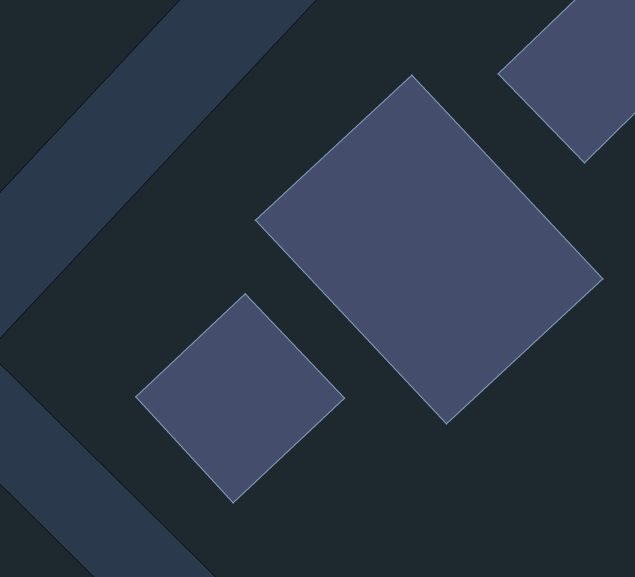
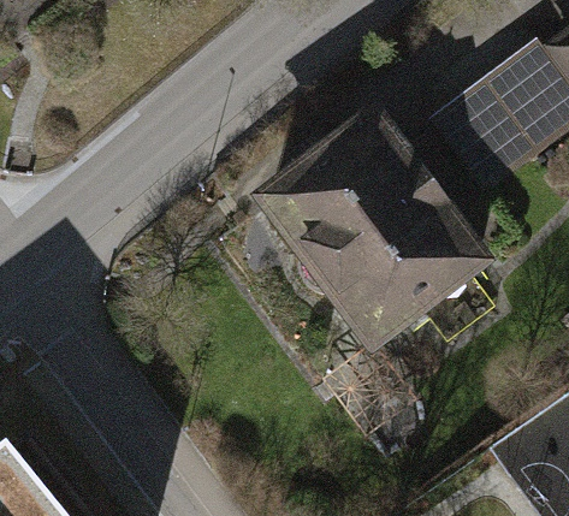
building: [136,294,345,503] -> none

